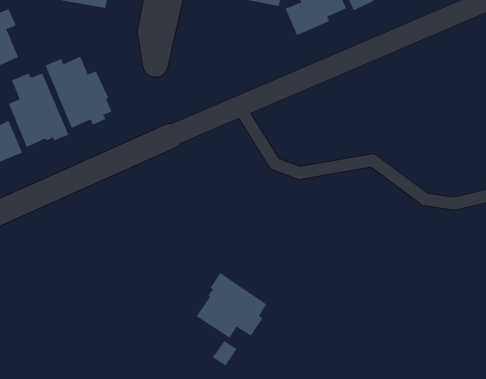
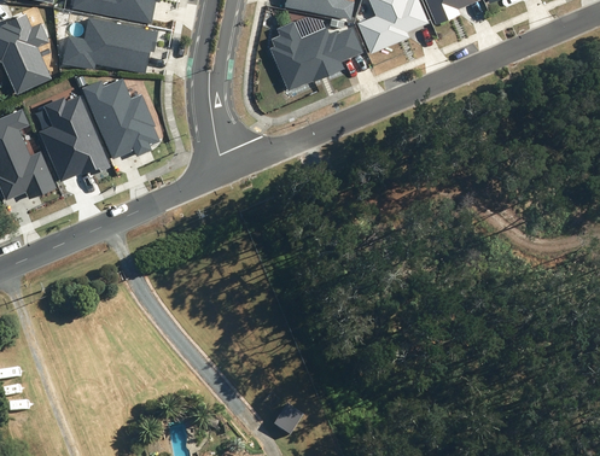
building: none -> [62,17,157,72]
building: none -> [269,19,362,89]
building: [196,272,267,338] -> none

